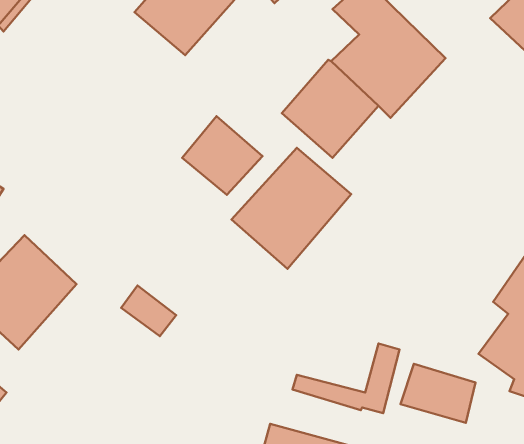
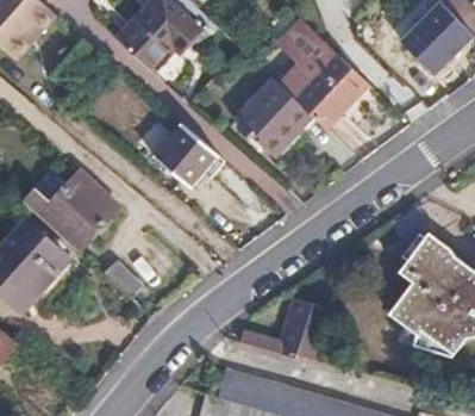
building: [231,148,351,269] -> none
building: none -> [36,167,119,248]
building: [400,364,475,423] -> none

